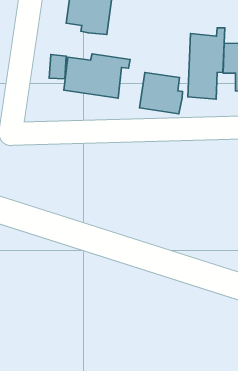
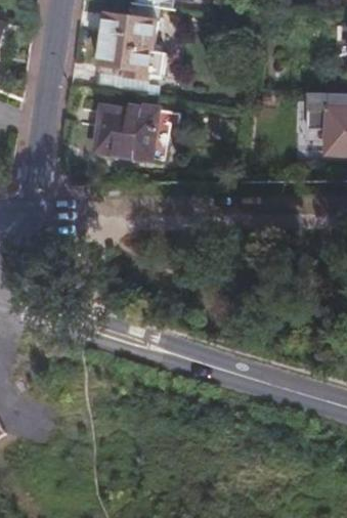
building: [188,28,225,99] -> none
building: [139,72,183,114] -> none

